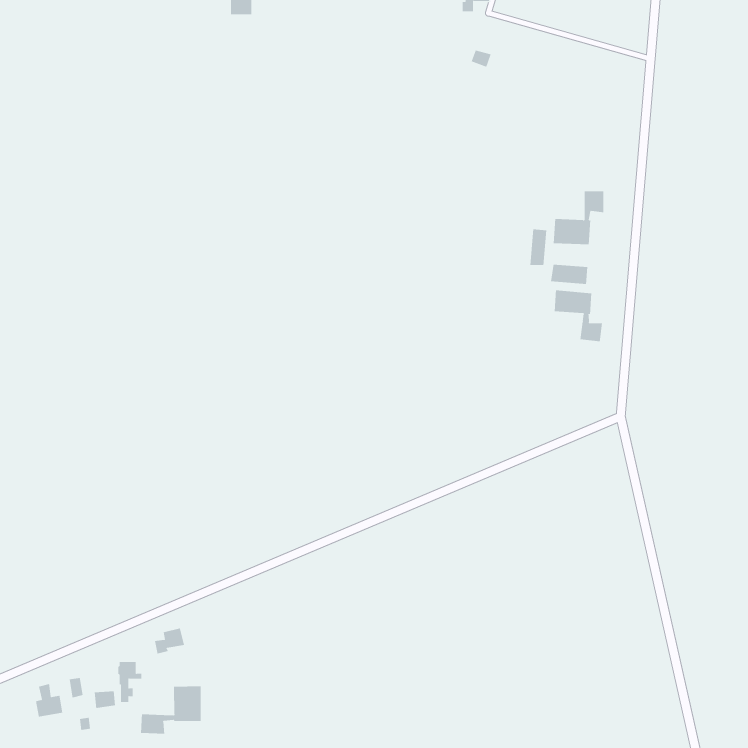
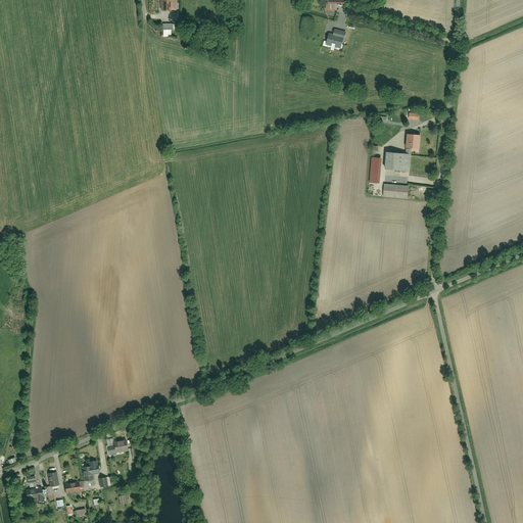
building: [554,290,603,342] -> none
building: [140,686,201,735] -> none

